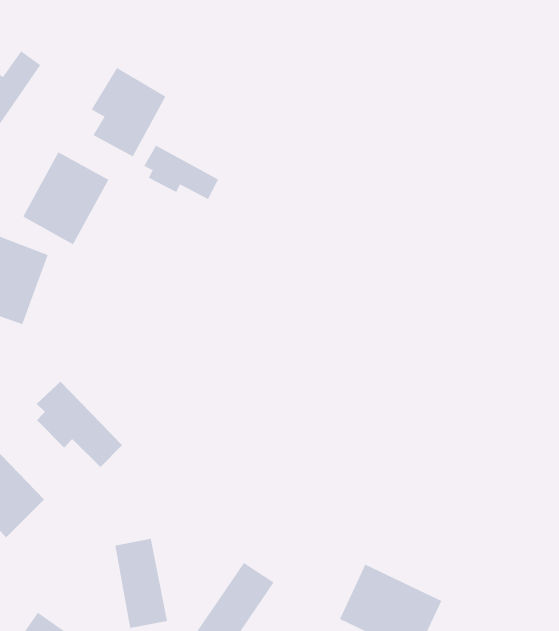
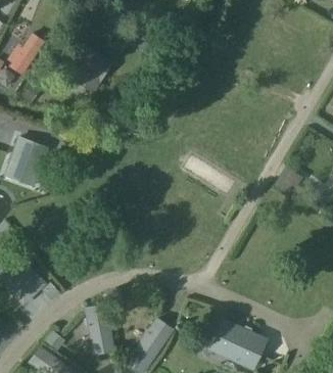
building: [144,145,219,200] -> none
building: [23,151,109,245] -> none
building: [36,381,123,468] -> none

